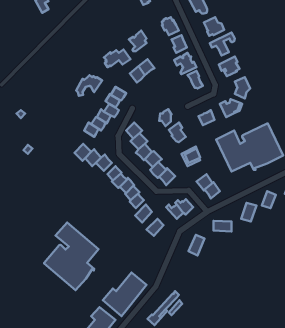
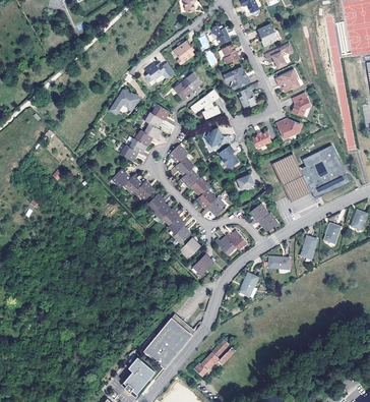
building: none -> [190,89,221,119]
building: [44,223,99,290] -> none

